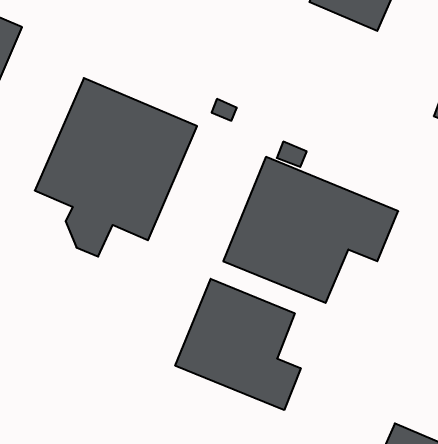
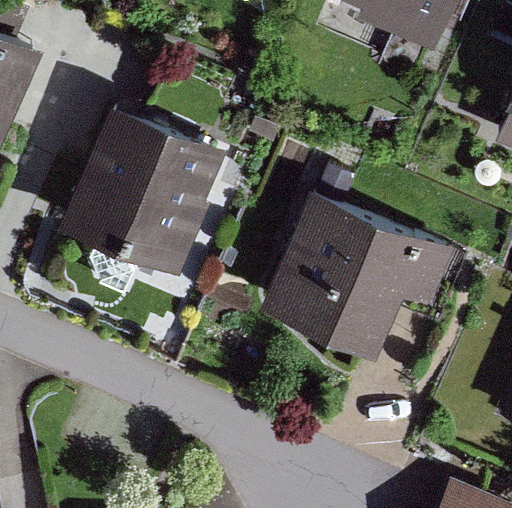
building: [175,279,301,410] -> none

